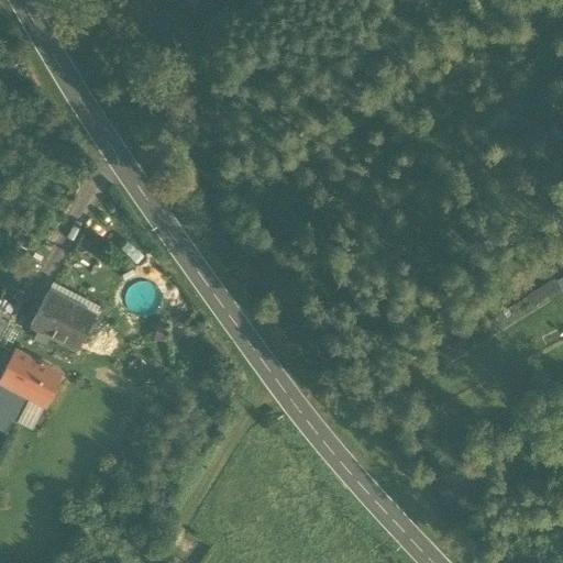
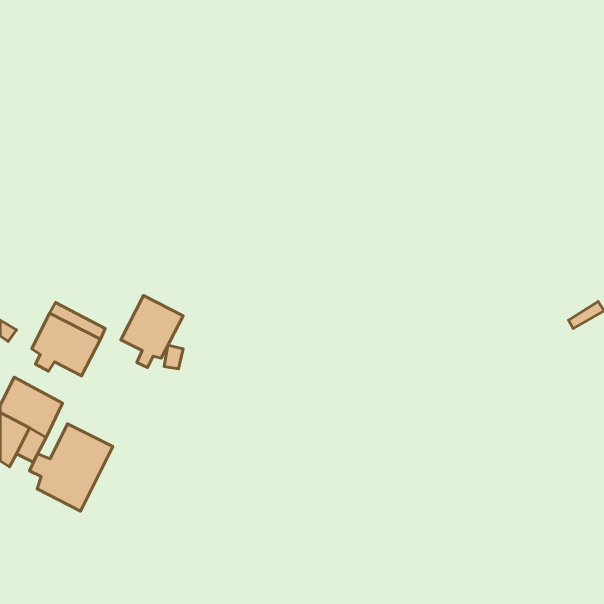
building: none -> [121,296,183,368]
building: none -> [30,424,113,511]

